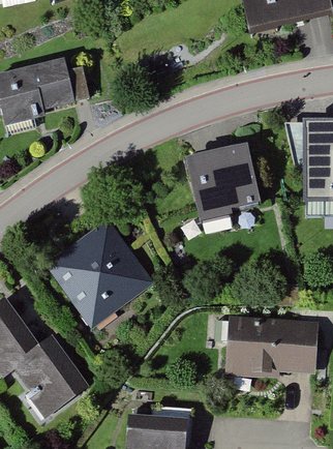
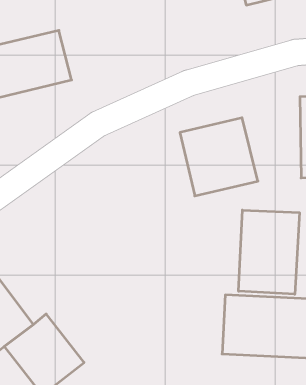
building: [47,219,153,326] -> none
building: none -> [239,210,299,294]

